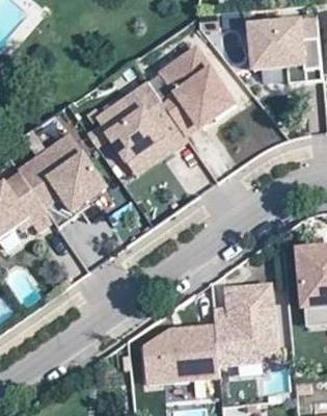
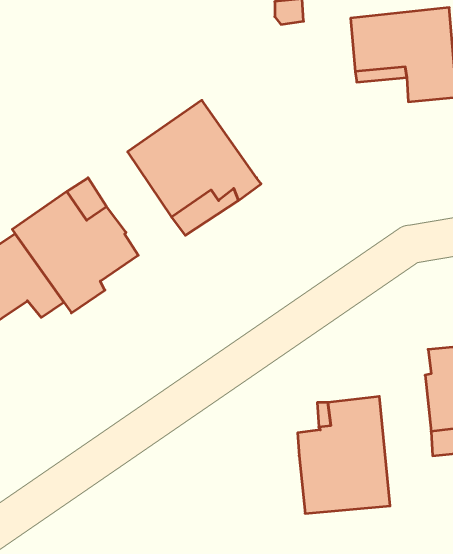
building: [146,47,235,134] -> none
building: [143,324,218,383] -> none

